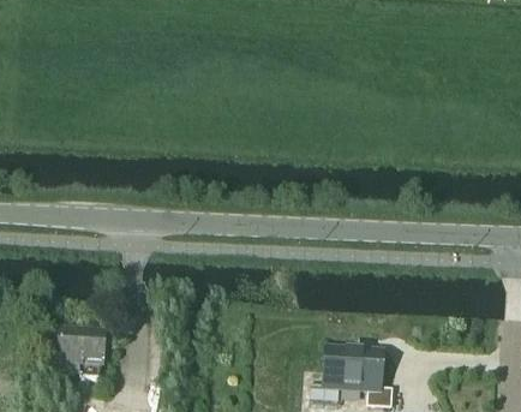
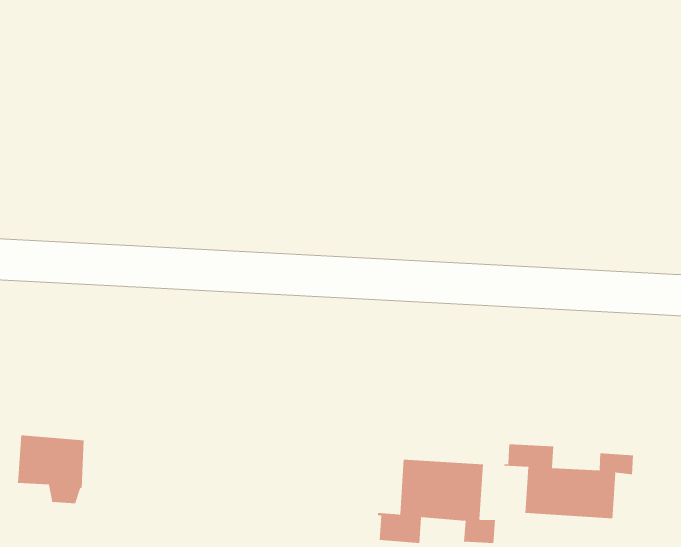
building: none -> [504,444,634,519]

